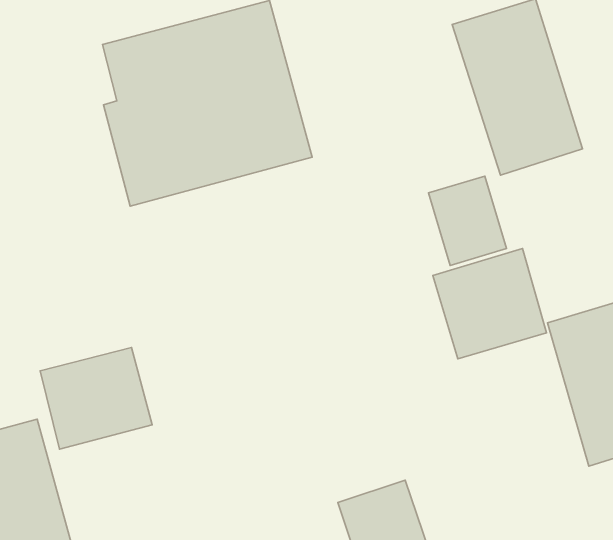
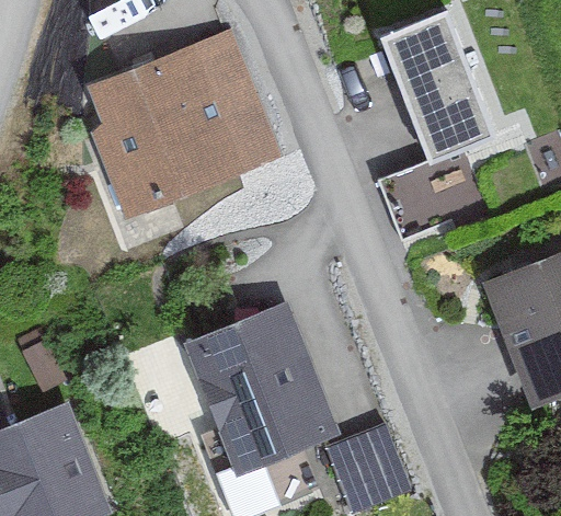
building: [433,249,546,359] -> none
building: none -> [193,303,339,470]
building: [40,348,152,449] -> none

